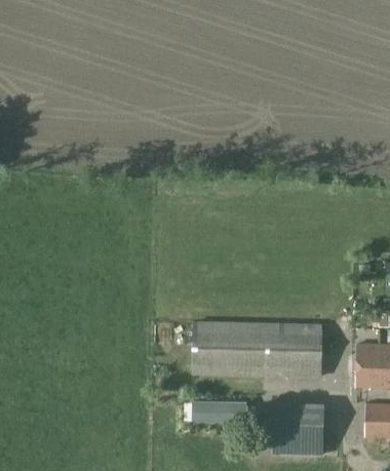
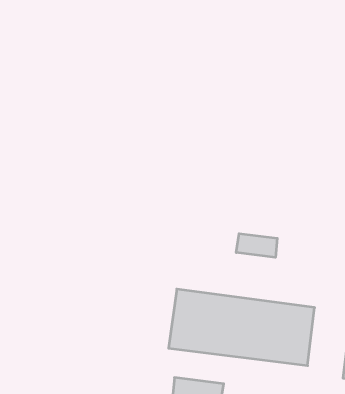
building: none -> [236,234,277,257]

